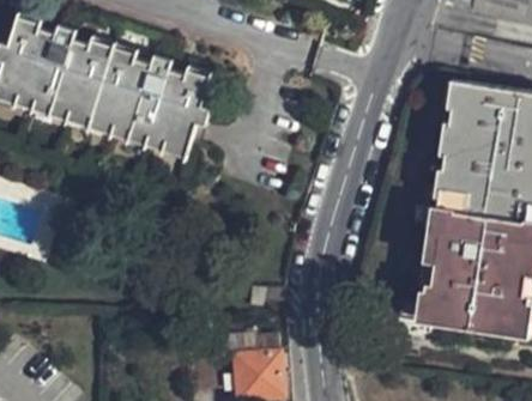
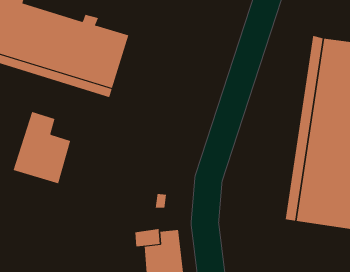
building: none -> [13,111,71,184]

